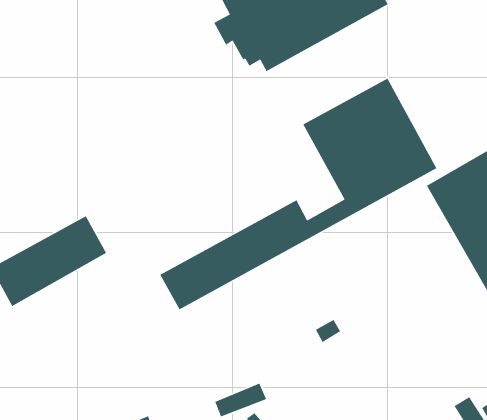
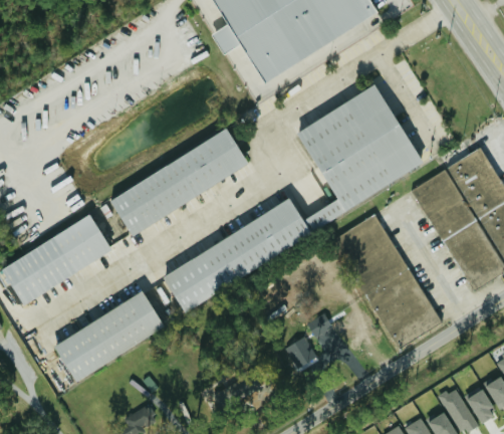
building: none -> [108,131,249,233]
building: none -> [333,214,442,350]
building: none -> [53,292,165,381]
building: none -> [284,337,318,371]

